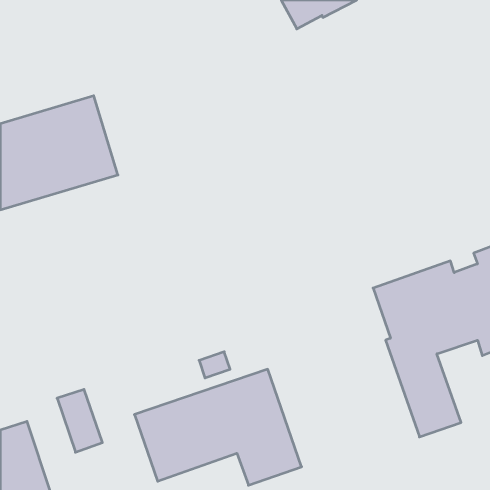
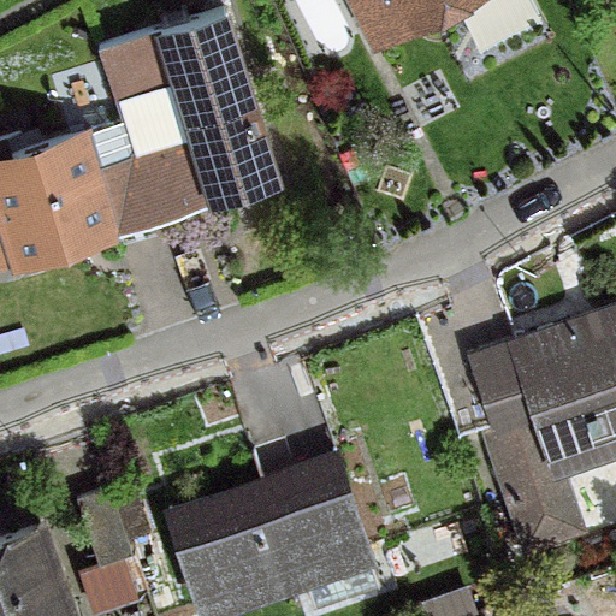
building: none -> [99,10,274,223]

